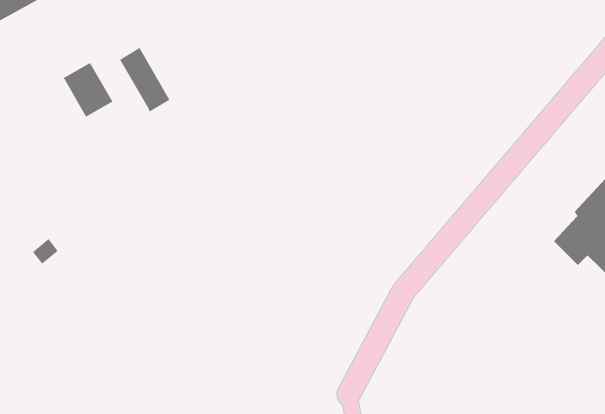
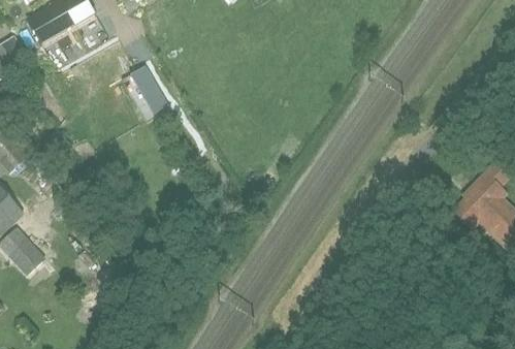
building: [63,62,113,117] -> none

